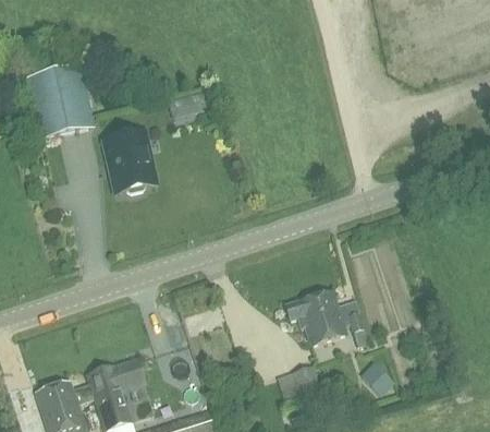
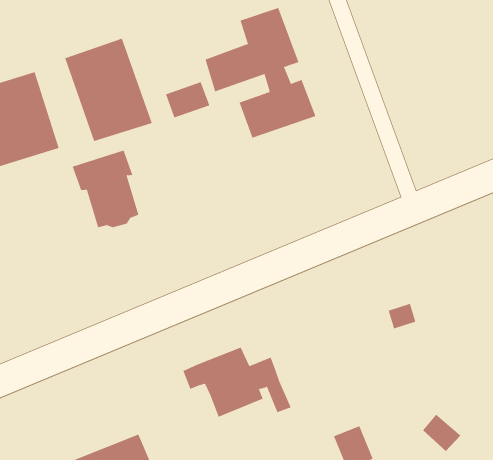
building: none -> [205,7,316,139]
building: none -> [65,38,152,142]
building: [284,290,368,345] -> [183,347,292,418]

